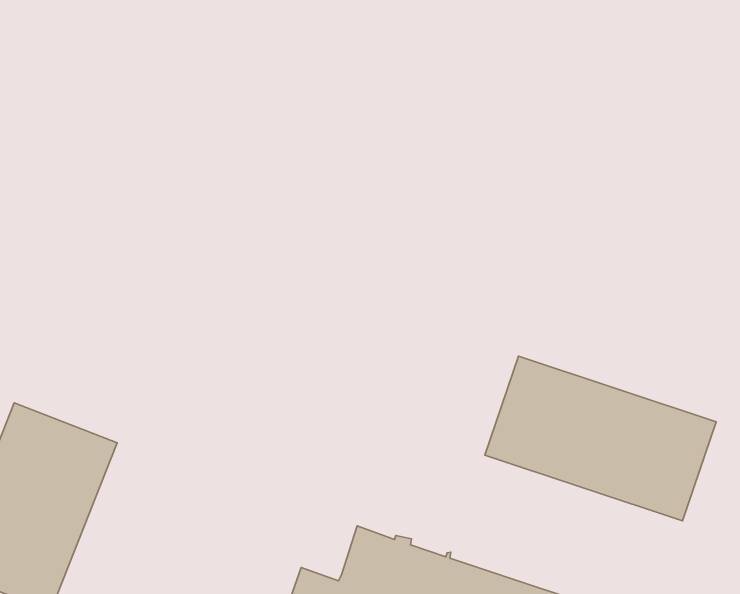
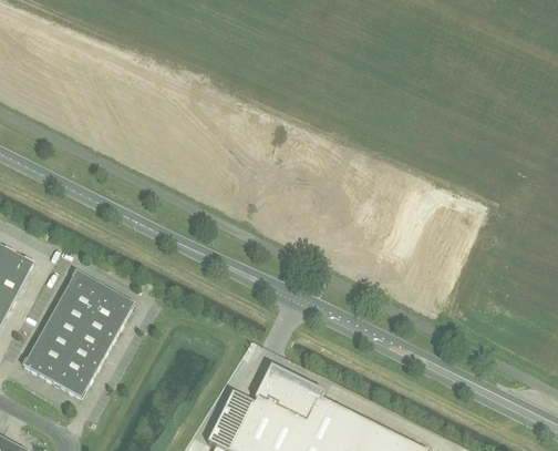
building: [485,356,716,521] -> none

